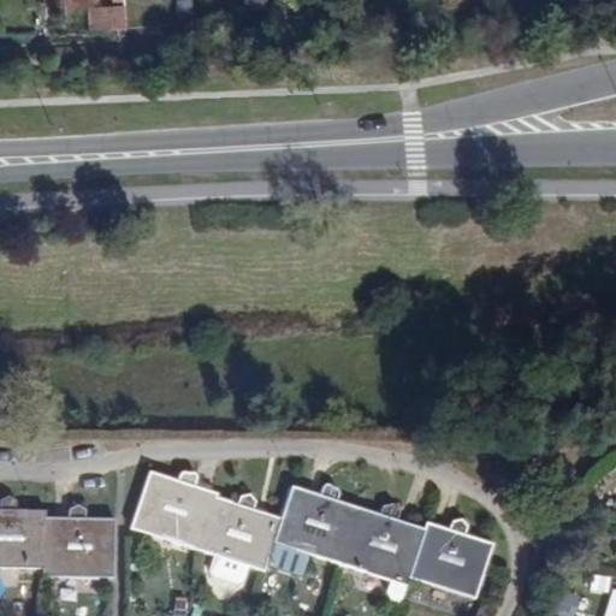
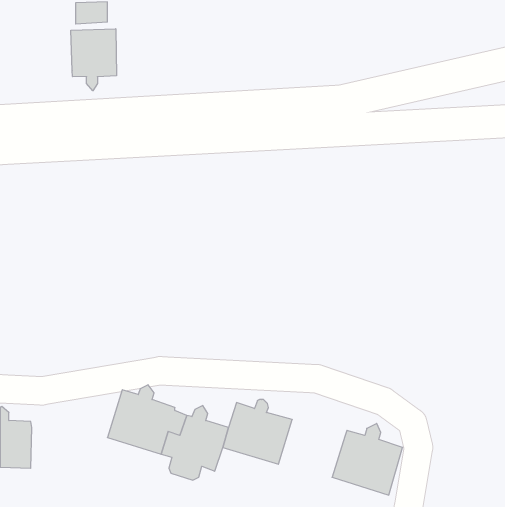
building: none -> [71,29,116,91]
building: [41,500,112,576] -> none
building: [340,502,421,599] -> none

